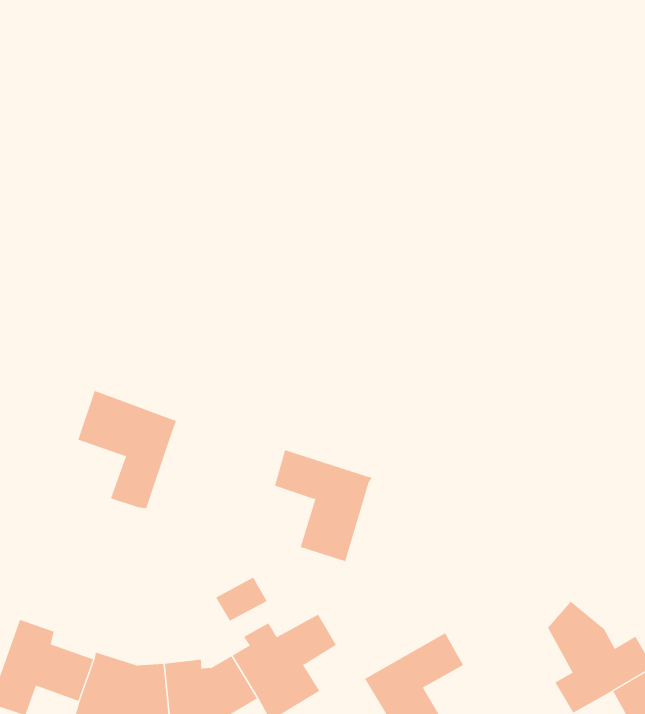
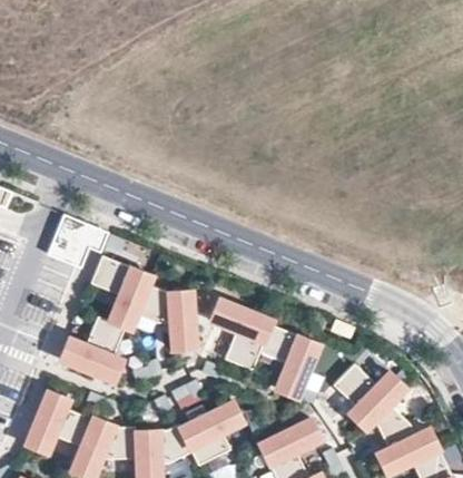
building: none -> [49,215,110,269]
building: none -> [136,283,195,349]
building: none -> [258,322,317,397]
building: none -> [60,315,125,380]
building: none -> [333,363,405,428]

